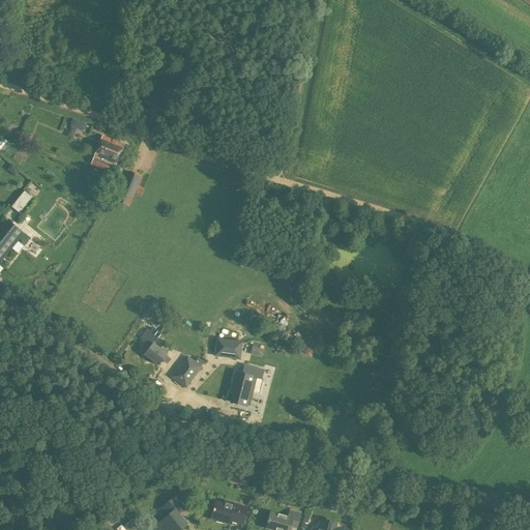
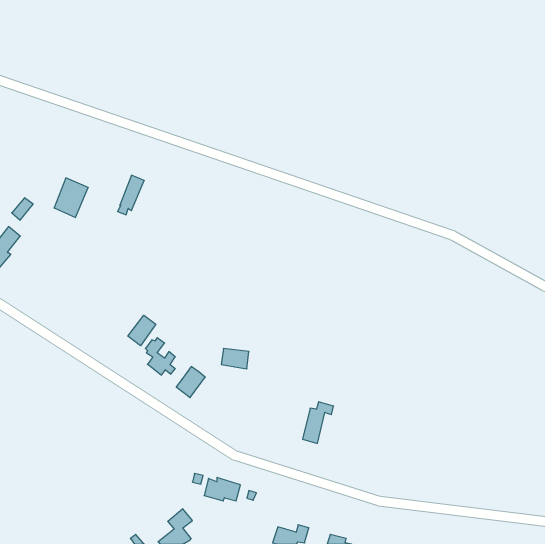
building: [90,134,123,172] -> [54,178,88,218]
building: none -> [128,315,156,346]
building: [232,365,262,406] -> [303,402,334,443]
building: [210,499,245,522] -> [204,477,240,501]

